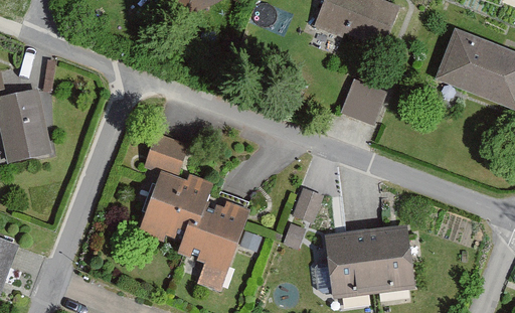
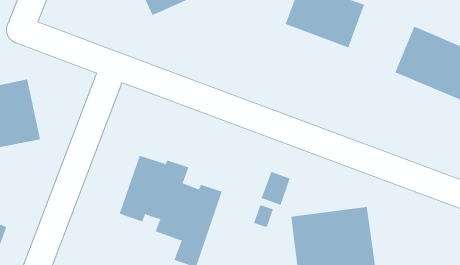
building: [339,76,388,120] -> none
building: [145,132,188,171] -> none

